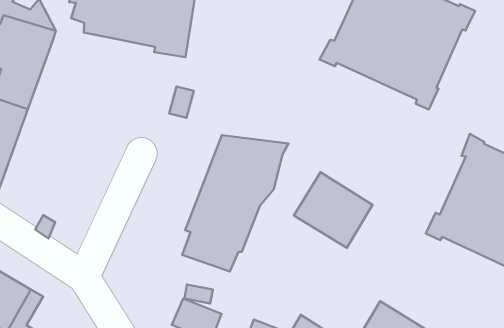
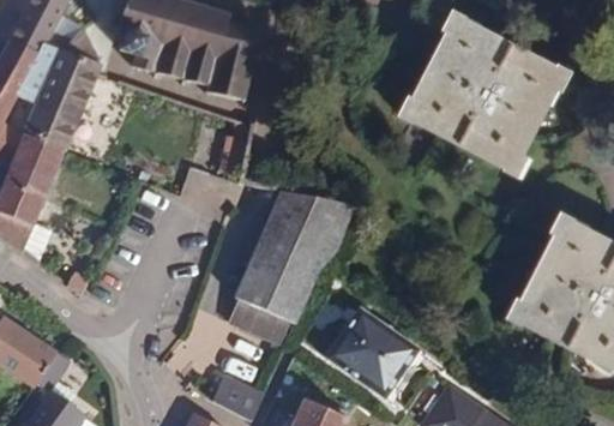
building: [294,172,372,248] -> [329,310,417,396]

